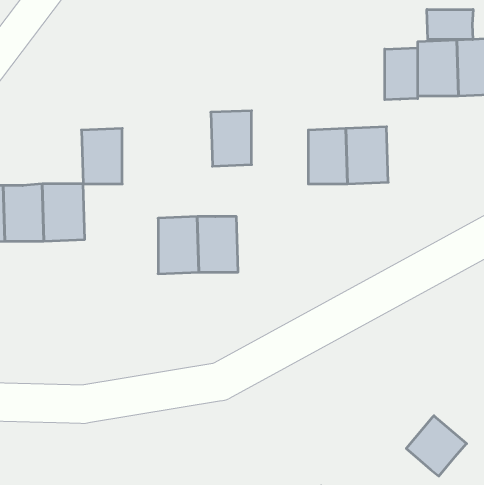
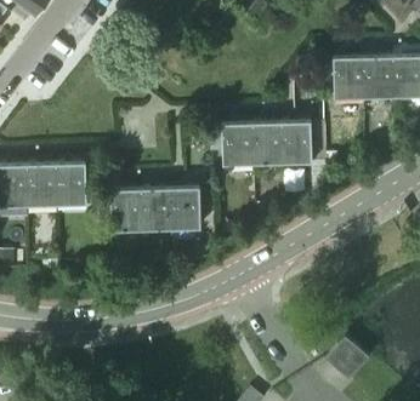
building: [427,9,473,40] -> none
building: [385,48,418,100] -> none
building: [211,111,252,166] -> [221,124,251,165]
building: [81,128,122,184] -> [109,189,140,230]

